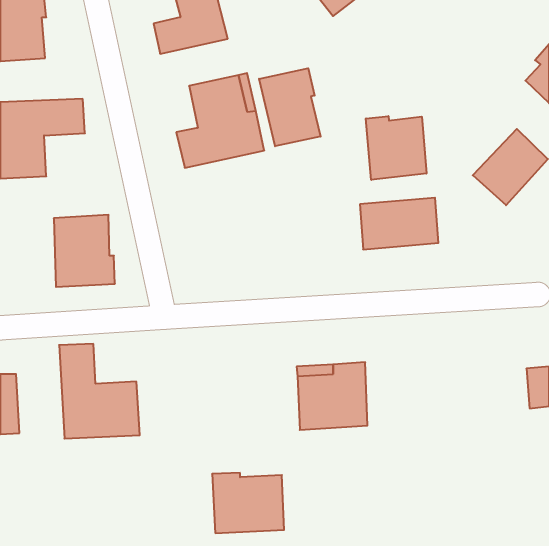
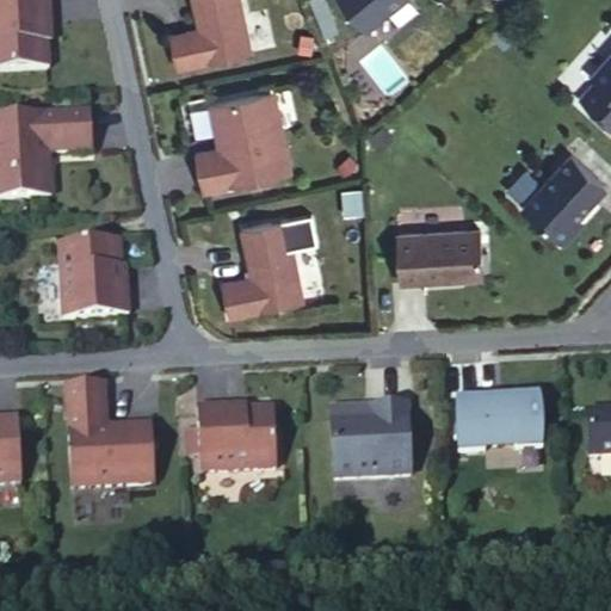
building: [259,68,321,146] -> none
building: [366,116,426,180] -> none
building: none -> [223,216,304,313]
building: none -> [453,394,541,451]
building: [212,473,284,533] -> [196,405,276,471]

